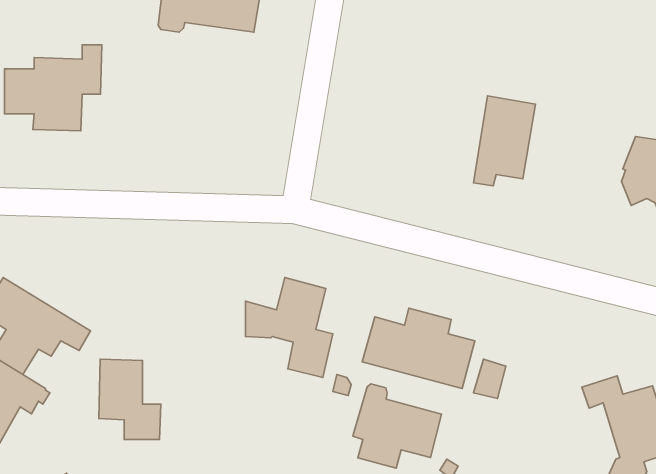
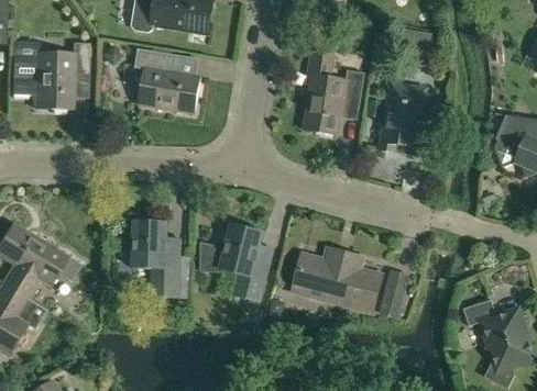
building: none -> [134,46,200,113]
building: none -> [303,52,364,134]
building: [99,359,161,440] -> [131,221,179,283]
building: [353,384,441,468] -> none

